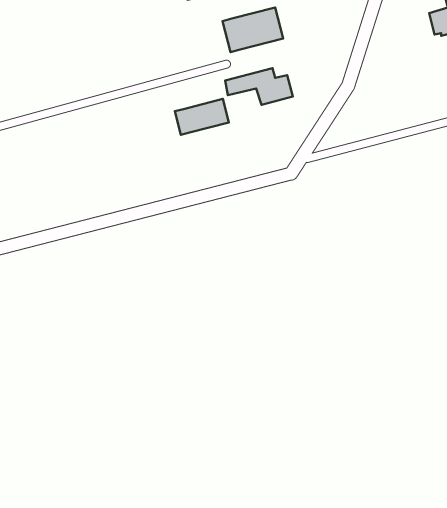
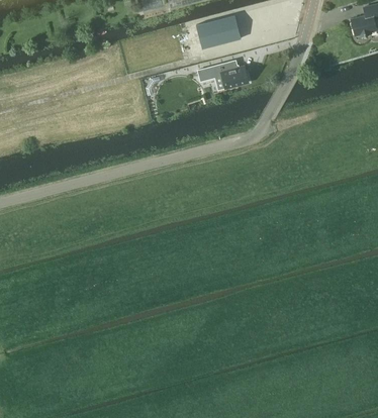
building: [175,99,229,135] -> none

